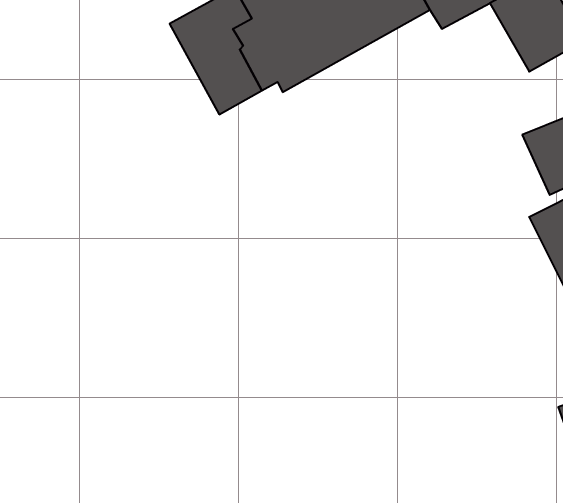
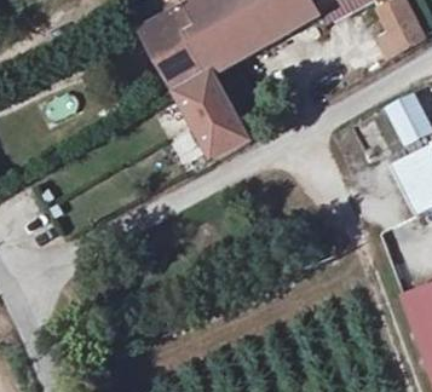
building: none -> [168,68,249,165]

